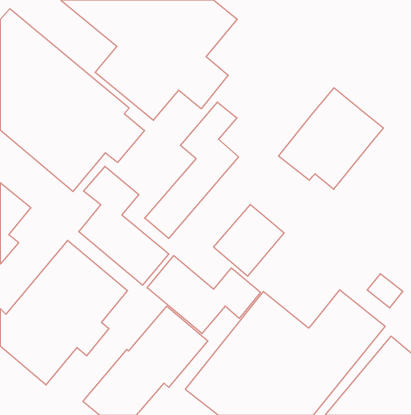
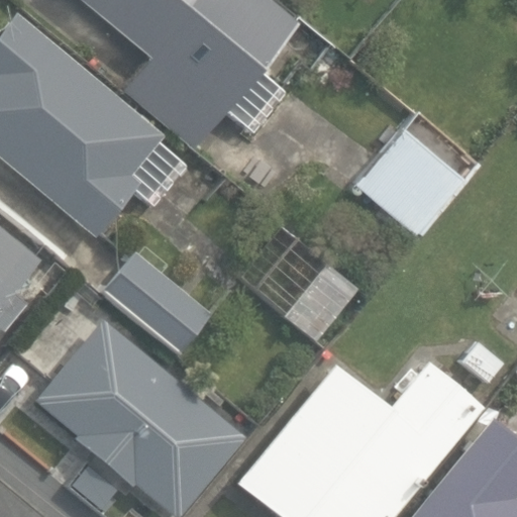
building: [145,102,239,238] -> none
building: [147,256,260,334] -> none

